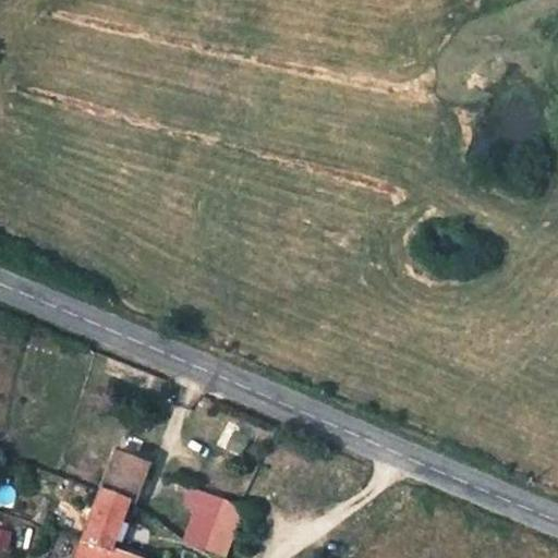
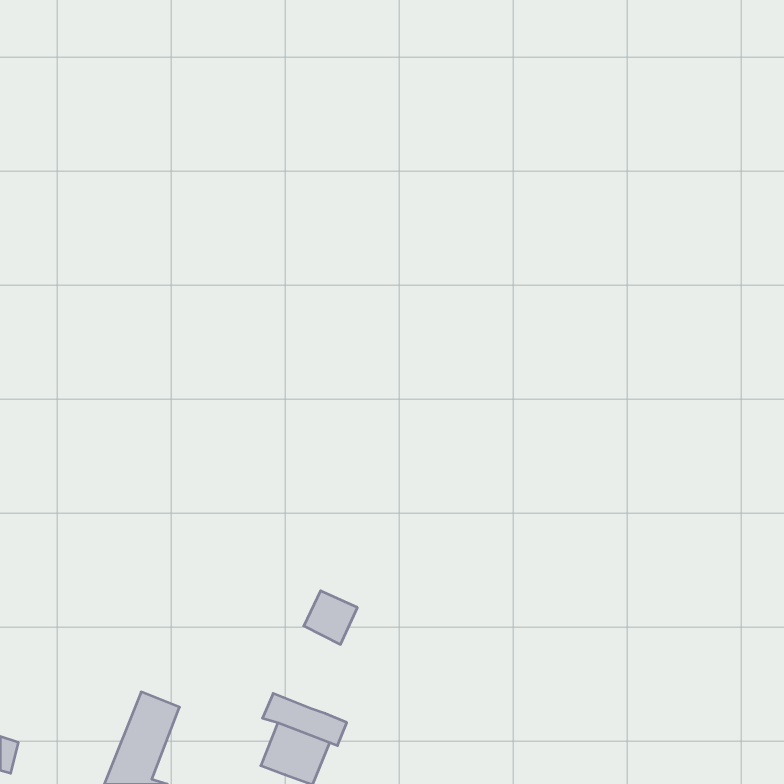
building: [100,456,146,504] -> none

